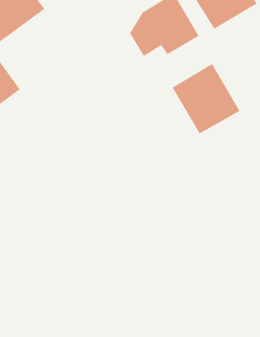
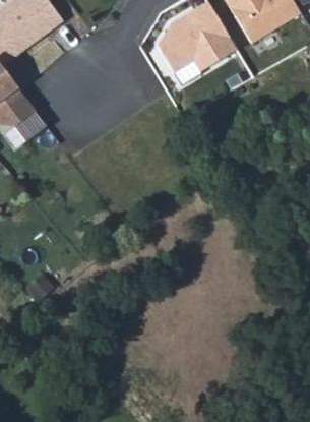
building: [172,63,240,134] -> none

